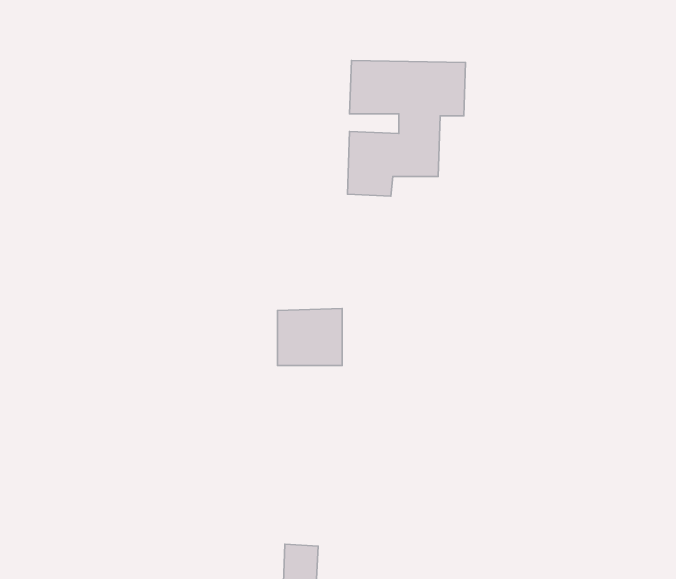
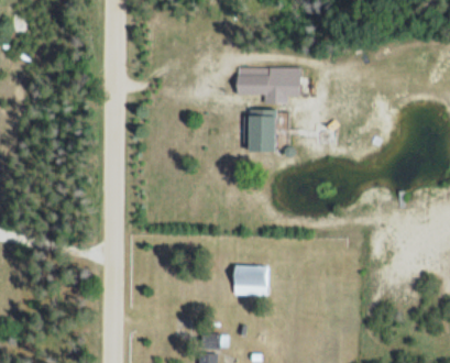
building: [277,309,342,366] -> [233,265,270,297]

